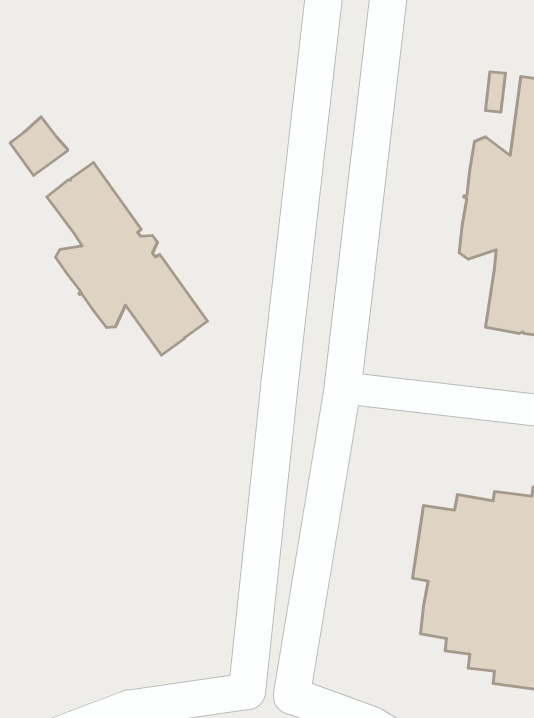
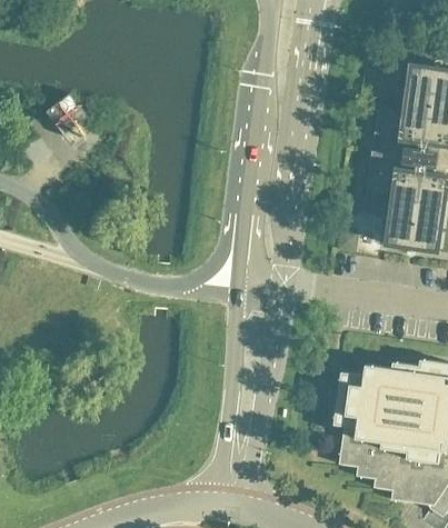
building: [47,163,207,355] -> none

